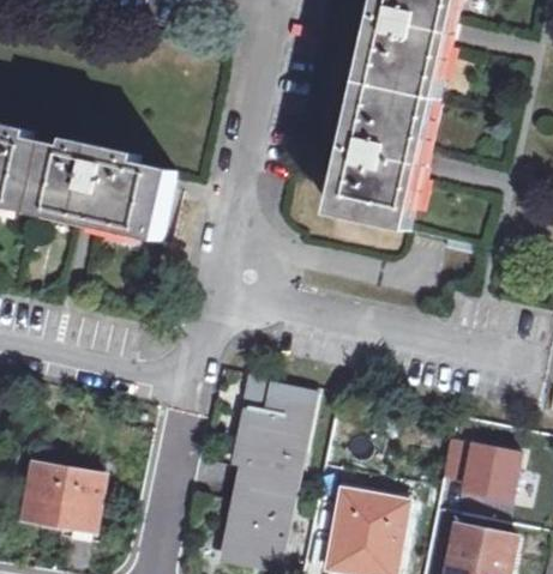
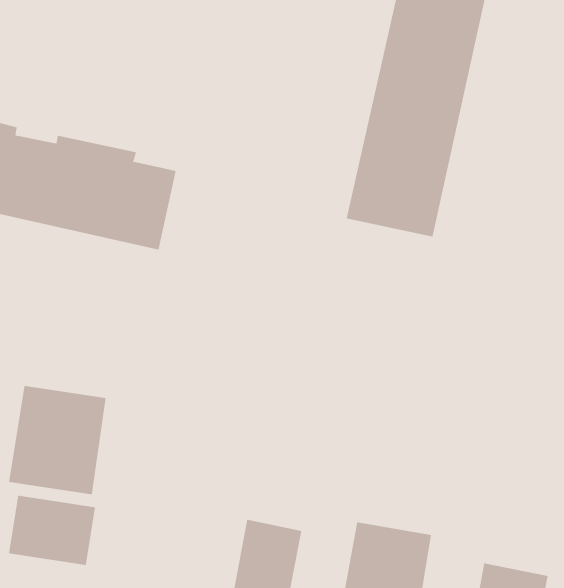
building: none -> [9,385,106,495]
building: [240,379,311,497] -> none
building: [439,439,519,500] -> none

